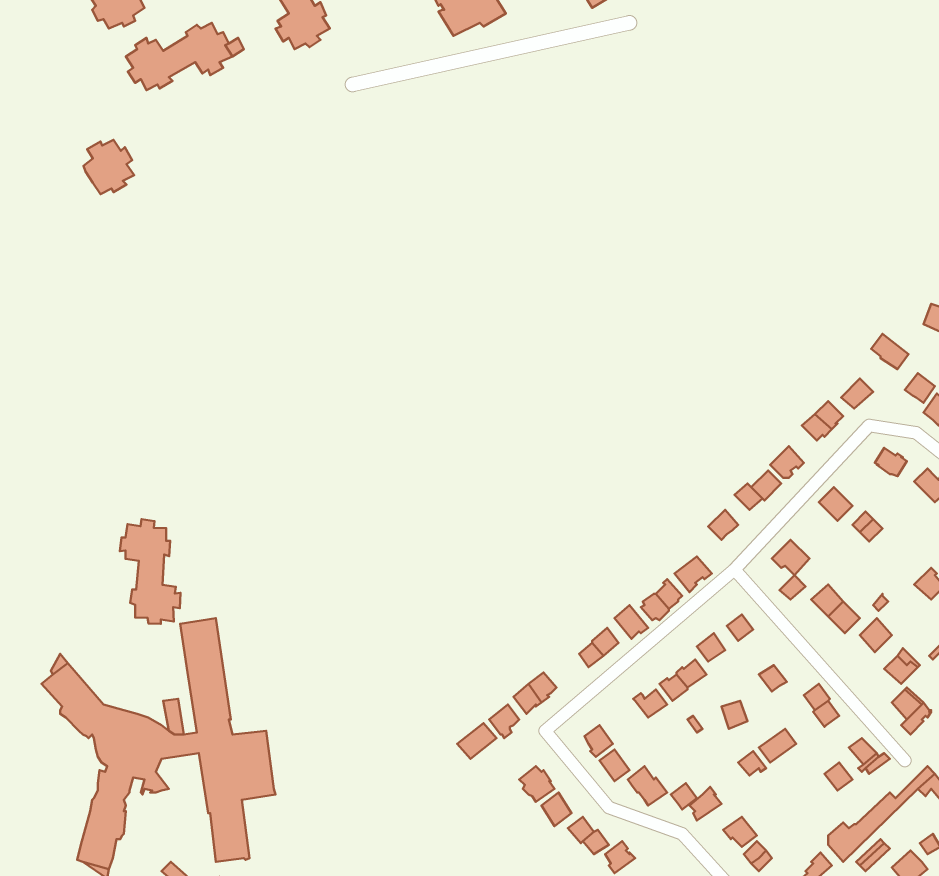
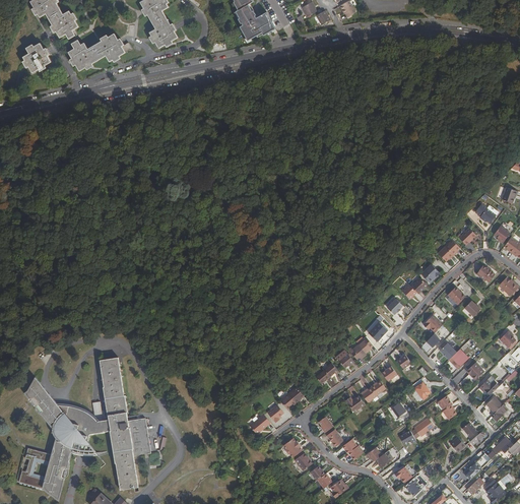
building: [84,140,134,194] -> [24,43,52,72]
building: [120,519,181,624] -> none
building: none -> [17,448,51,488]

